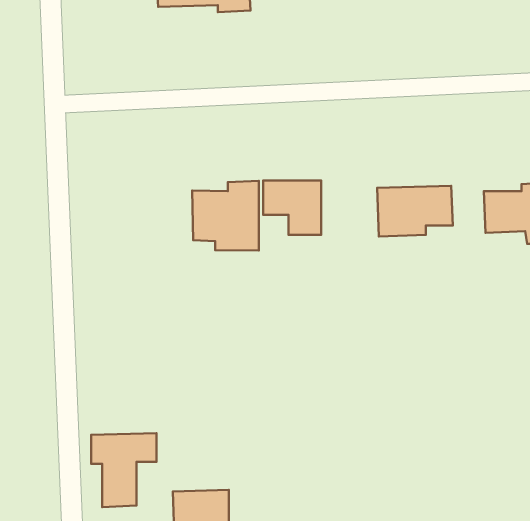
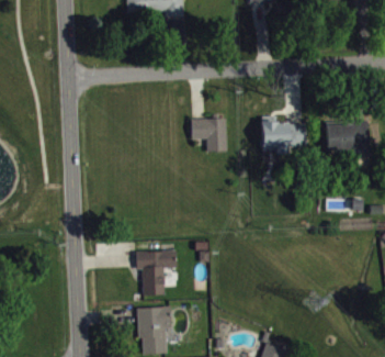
building: [192,181,259,251] -> none
building: [91,433,156,507] -> [136,250,175,295]

